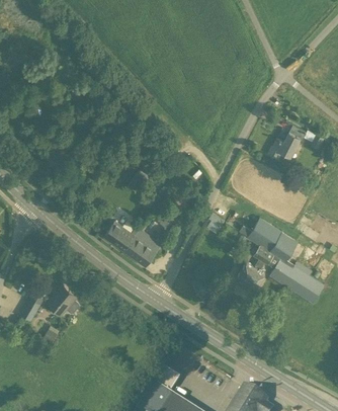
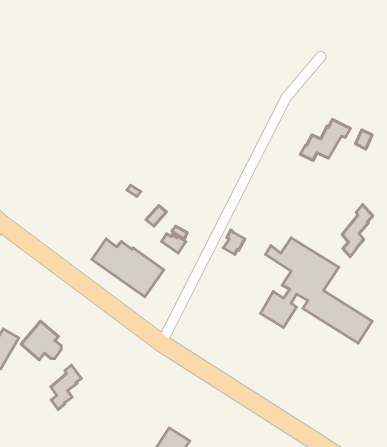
building: none -> [342,204,373,257]
building: none -> [51,365,81,409]

